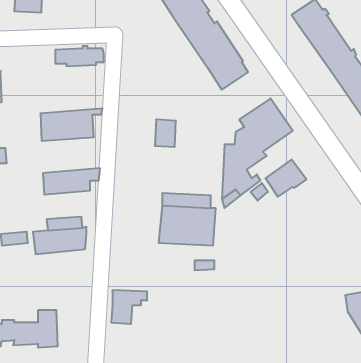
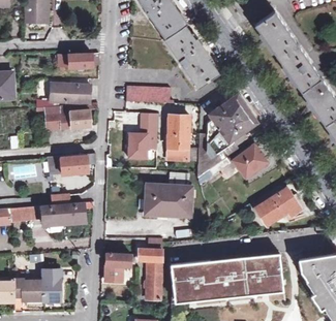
building: none -> [49,84,89,102]
building: none -> [125,87,173,104]
building: none -> [166,115,189,160]
building: none -> [128,133,157,158]
building: none -> [253,189,298,226]
building: none -> [169,249,282,298]
building: none -> [138,250,161,299]

